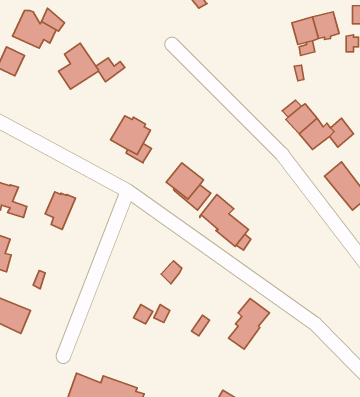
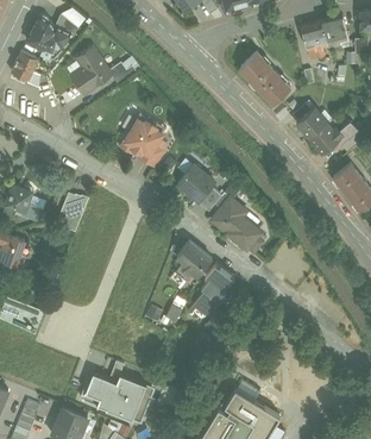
building: none -> [239,52,289,105]
building: none -> [177,242,210,274]
building: [228,298,270,349] -> [194,263,234,313]

